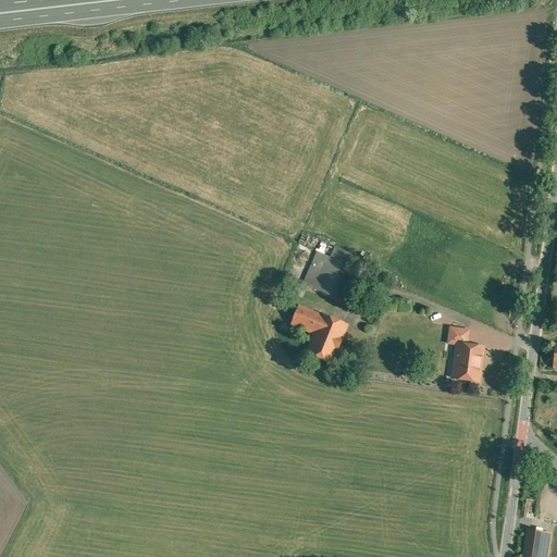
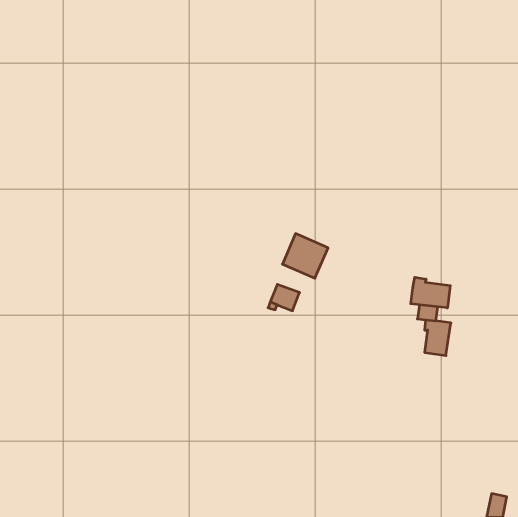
building: none -> [411,277,450,308]
building: [306,313,346,363] -> none

